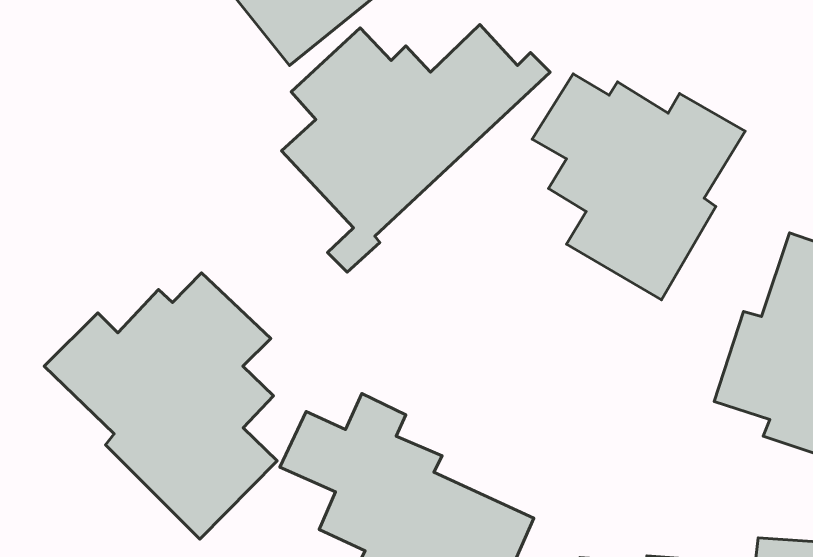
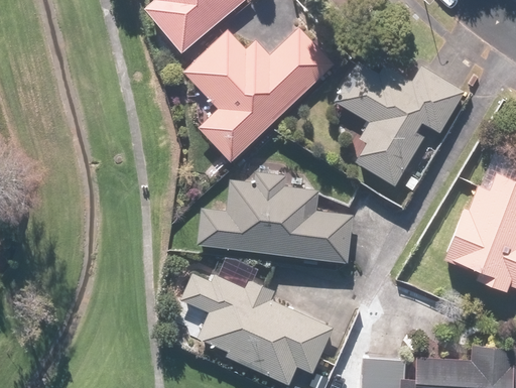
building: none -> [198,174,354,263]
building: [44,273,277,539] -> none

